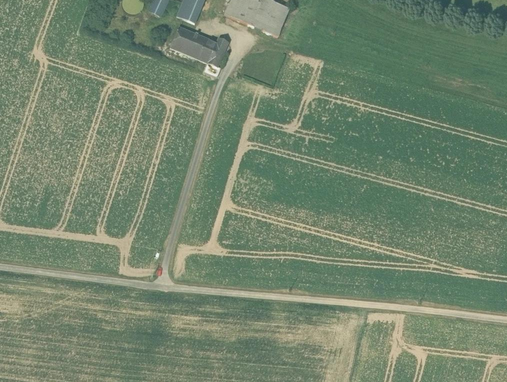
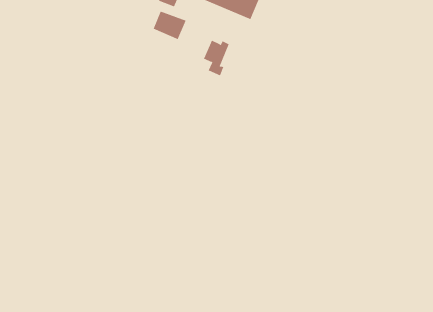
building: [198,37,227,77] -> [203,40,230,76]

